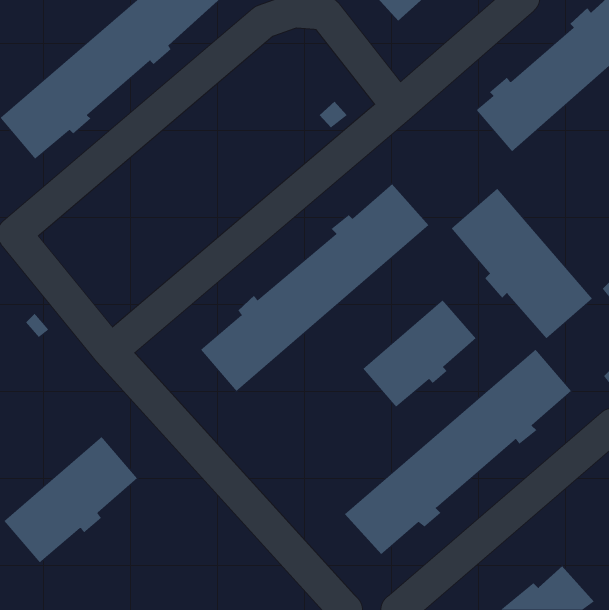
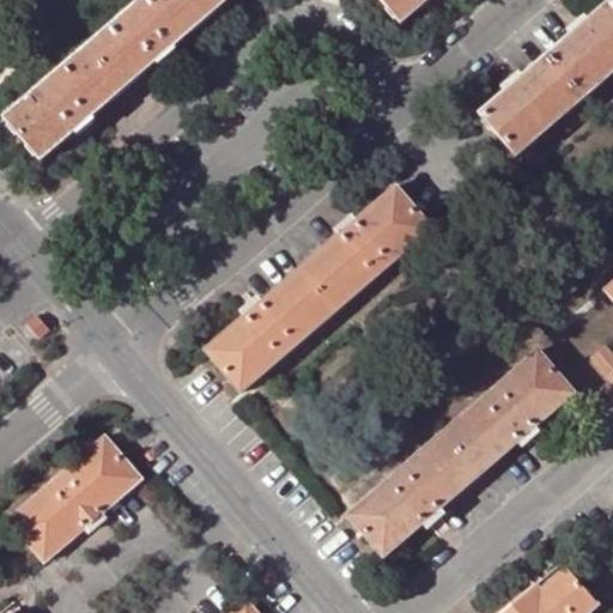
building: [451,188,593,339] -> none
building: [362,299,476,408] -> none

